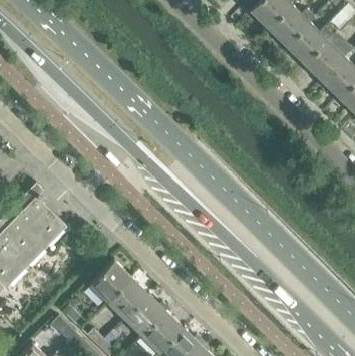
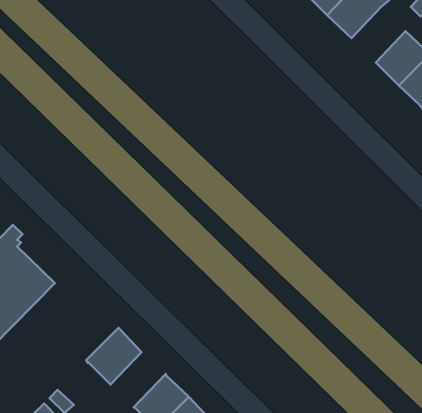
building: [286,22,332,63] -> none
building: [107,278,148,319] -> none

